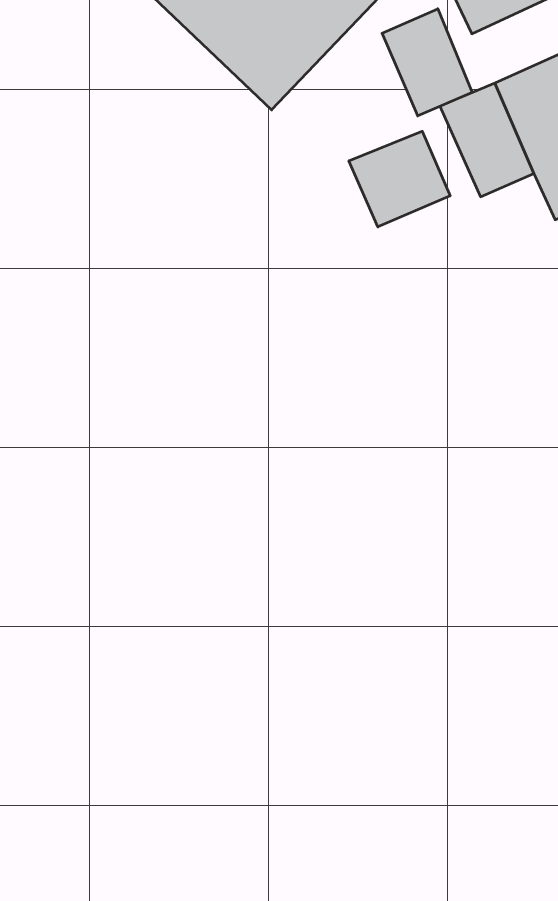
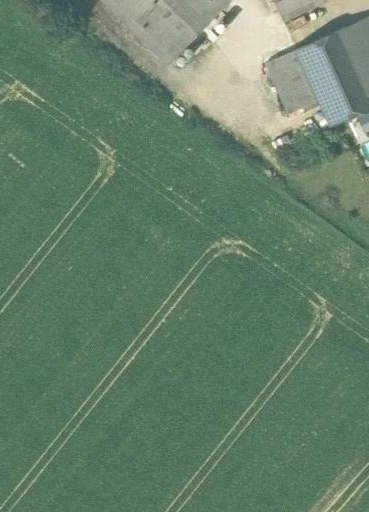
building: [382,9,472,116] -> none
building: [349,131,450,227] -> none

